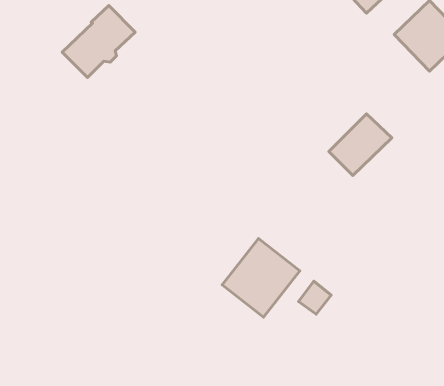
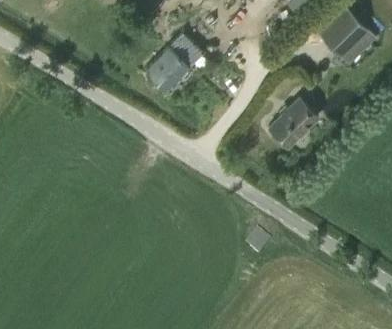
building: [62,6,135,77] -> [144,35,202,92]
building: [222,239,300,317] -> none

